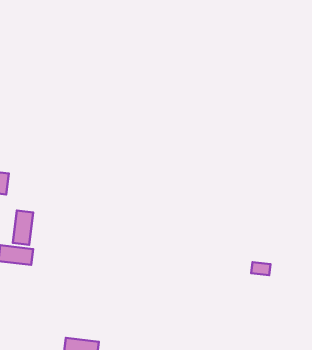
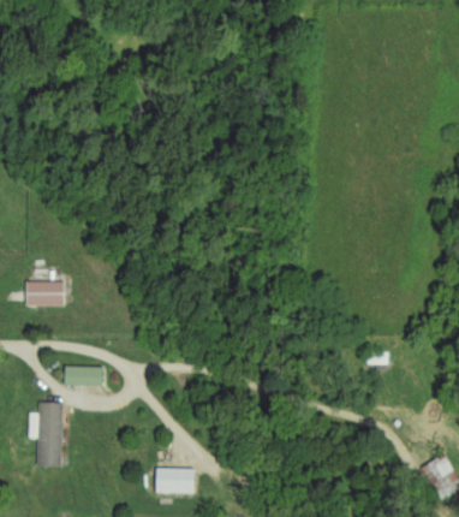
building: [13,210,33,245] -> none

